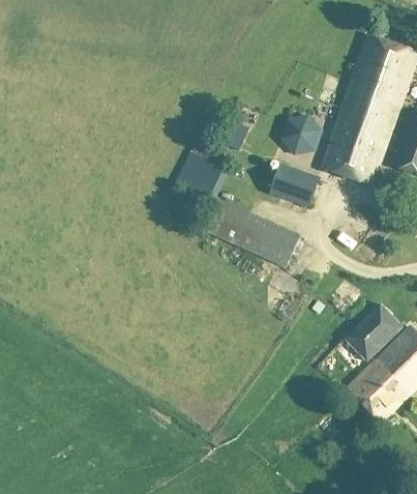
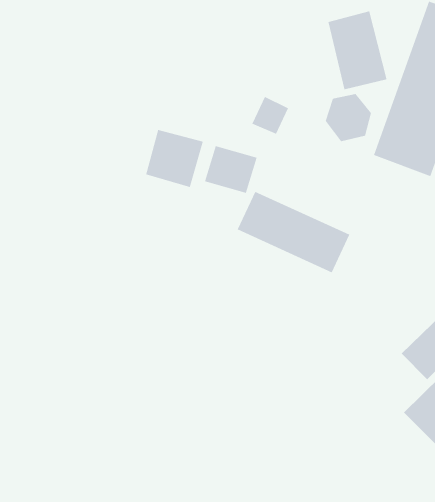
building: none -> [328,10,387,90]
building: none -> [145,129,203,188]
building: [268,165,319,209] -> none

